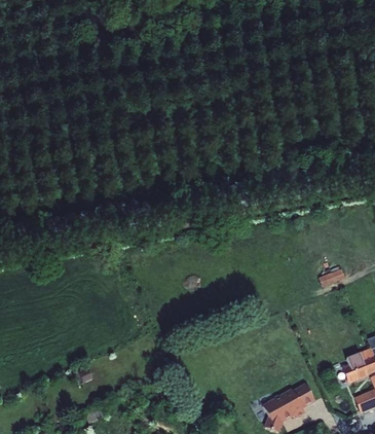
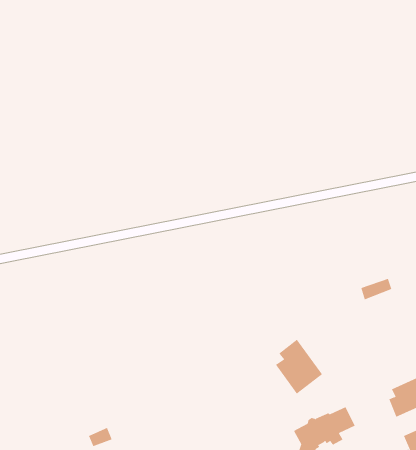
building: none -> [275,339,323,394]

